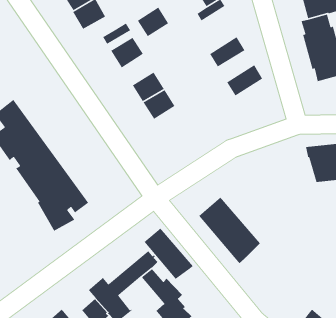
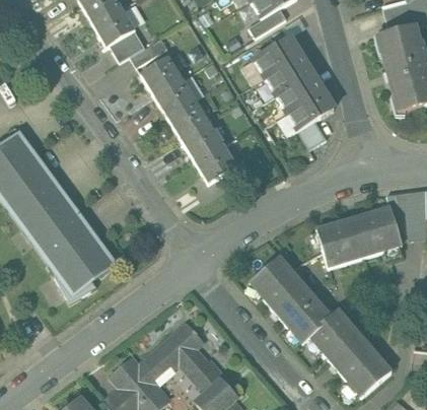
building: [137,7,169,37] -> [154,78,195,117]
building: none -> [110,30,145,62]
building: none -> [253,37,299,77]
building: none -> [275,73,322,113]
building: none -> [195,143,235,183]
building: none -> [316,208,400,266]
building: [143,227,194,280] -> none
building: none -> [310,310,389,395]

